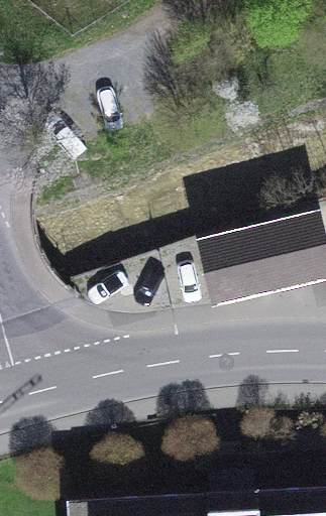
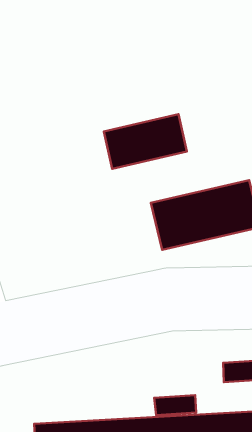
building: none -> [104,114,187,169]

